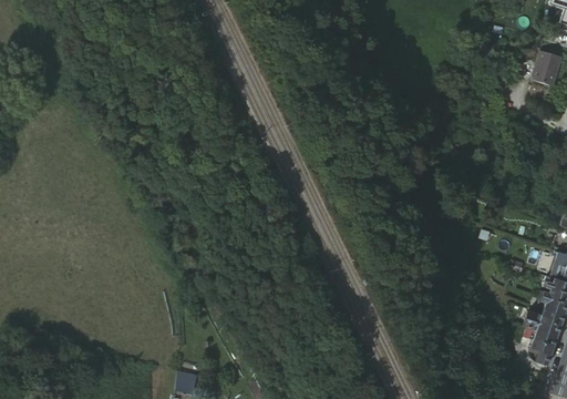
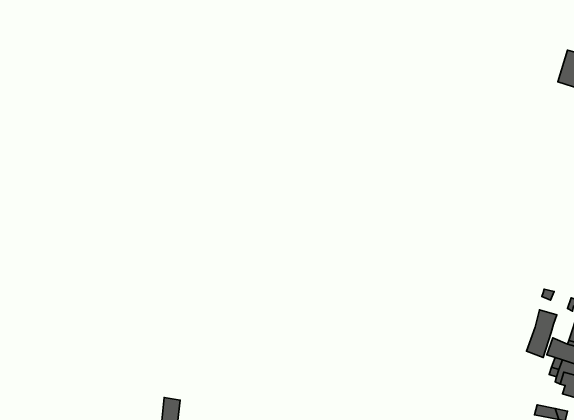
building: none -> [526,310,557,357]

